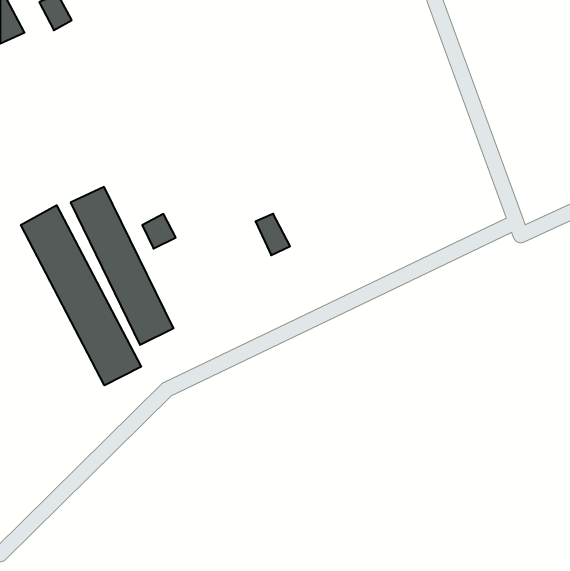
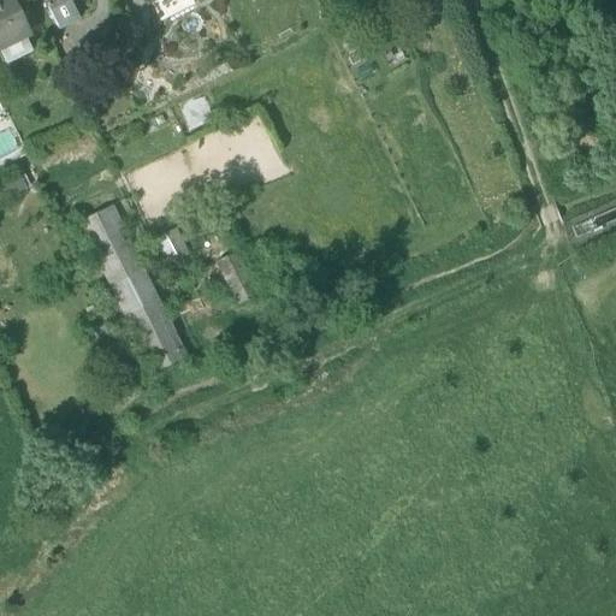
building: [21,205,141,385] -> none
building: [255,214,290,255] -> [217,253,254,297]

